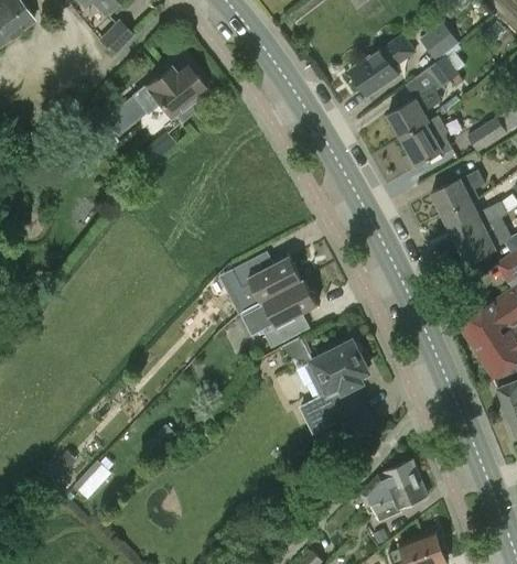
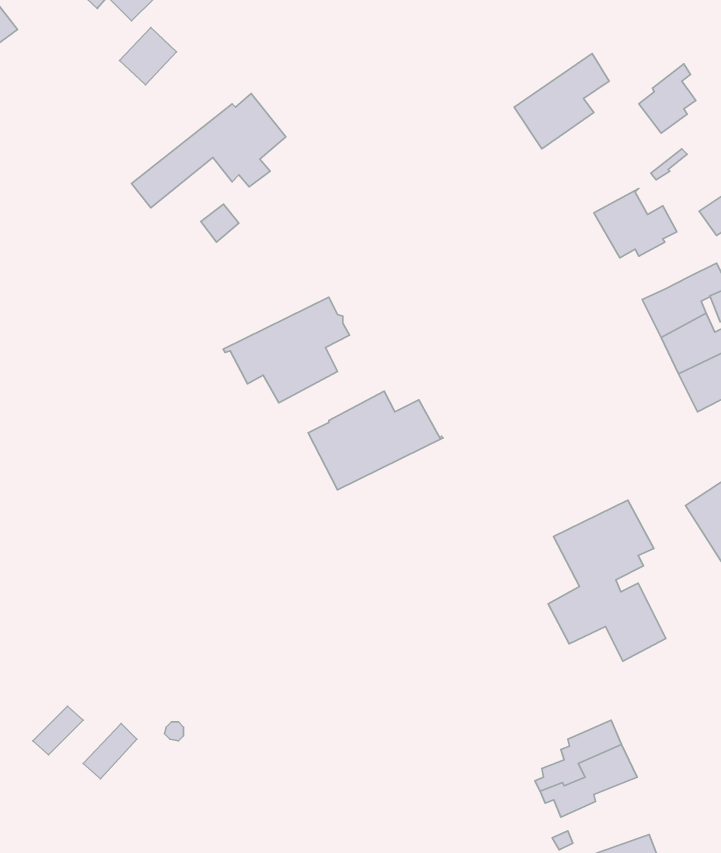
building: [422,23,457,57] -> none
building: [387,88,442,137] -> none
building: [237,280,317,347] -> [223,297,350,403]
building: [301,340,376,443] -> [548,500,666,661]

